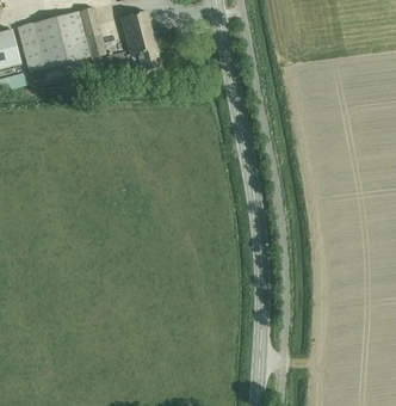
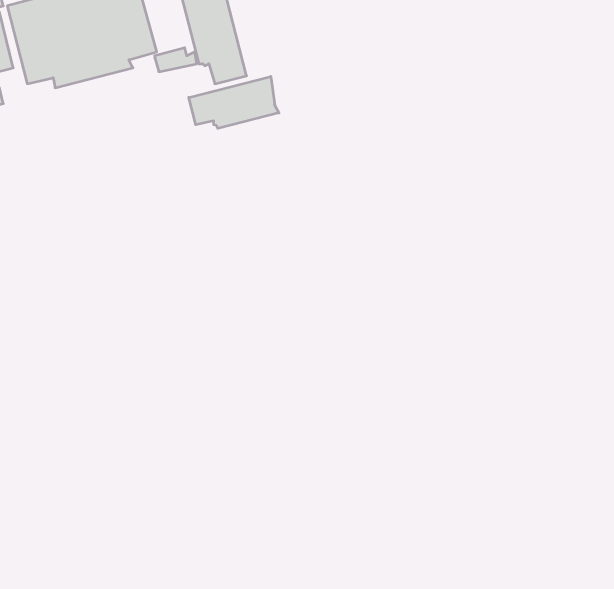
building: none -> [189,76,279,128]

